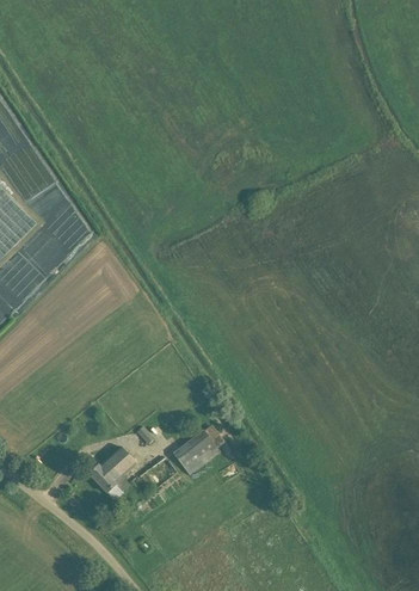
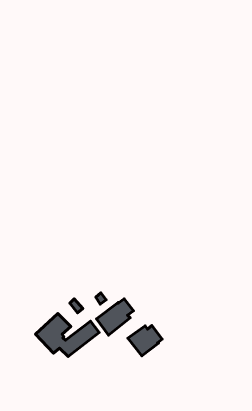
building: none -> [128,326,162,356]

